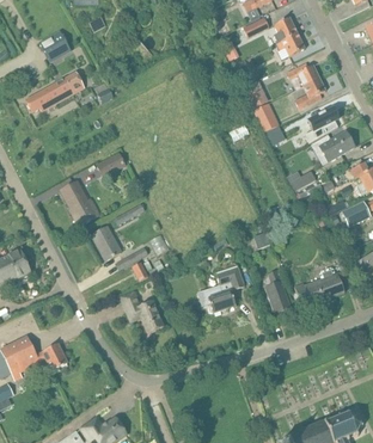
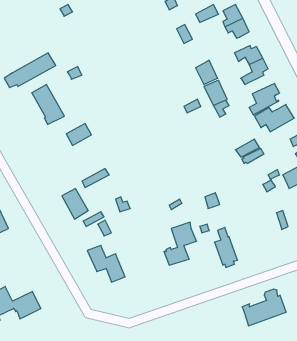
building: [38,30,71,62] -> none
building: [60,180,97,226] -> [32,84,64,124]
building: [294,265,344,307] -> [242,289,286,326]

